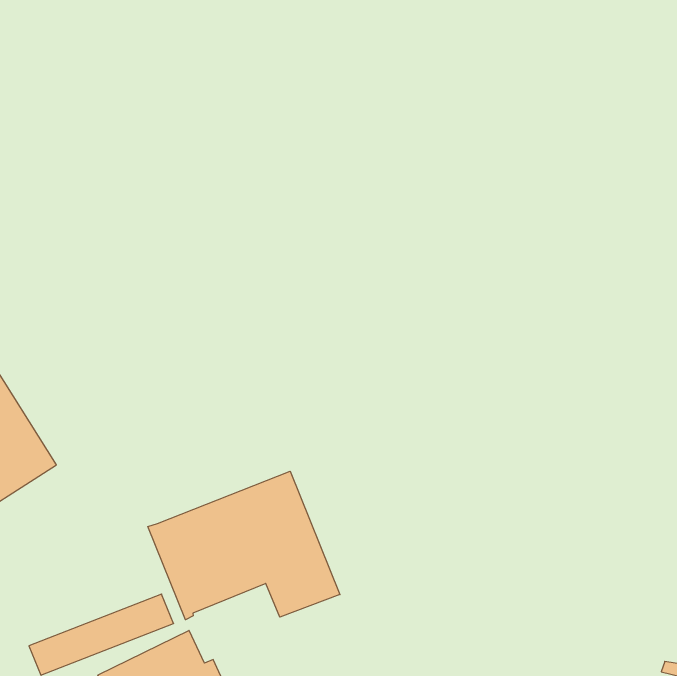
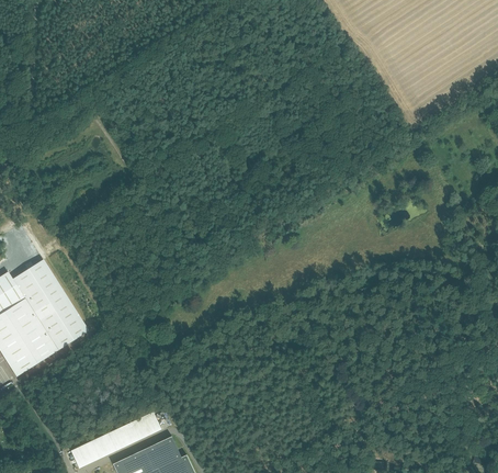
building: [148,471,340,620] -> none

